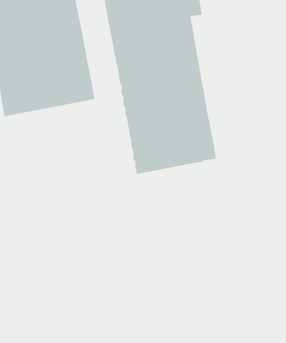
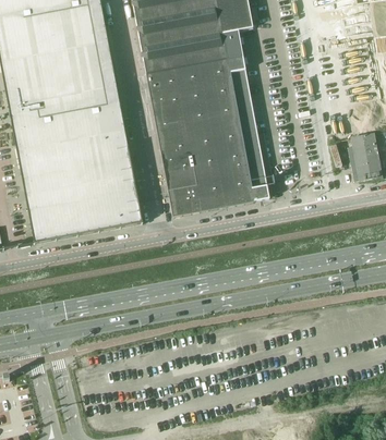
building: none -> [15,125,142,241]

